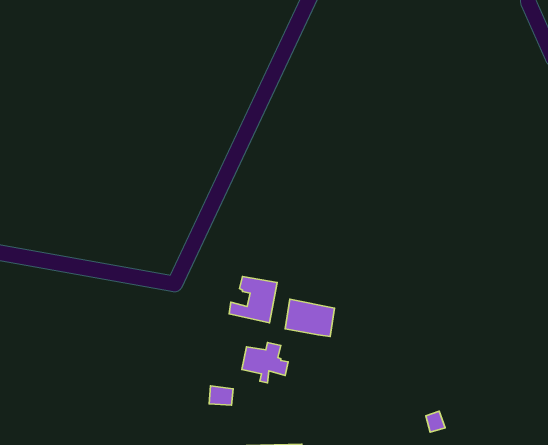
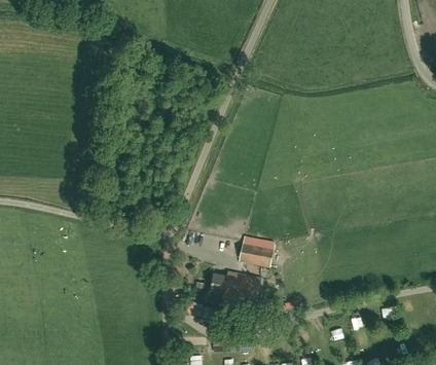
building: [229,277,277,323] -> [227,272,260,304]

